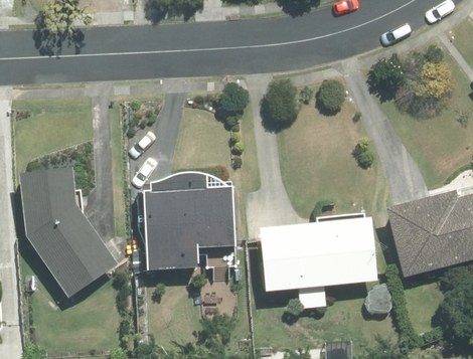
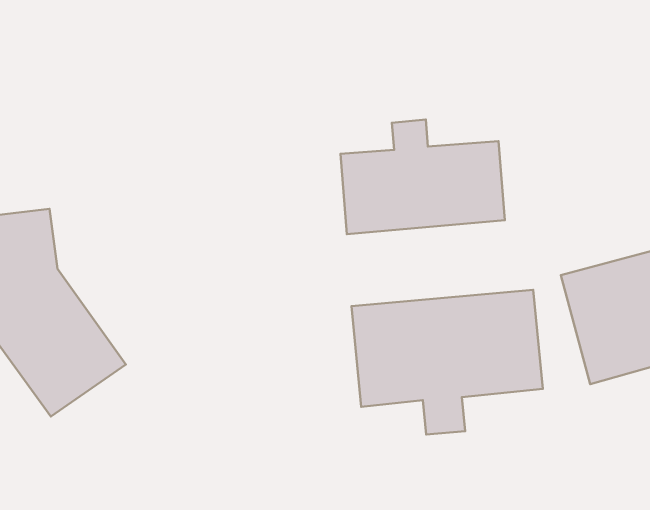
building: none -> [340,119,505,234]
building: [142,186,232,270] -> none

